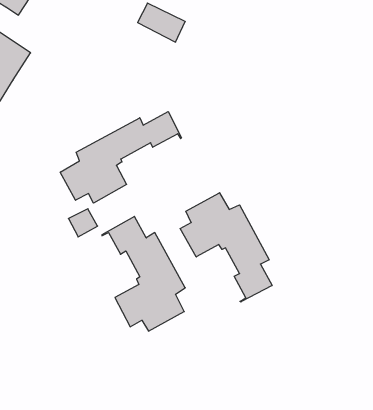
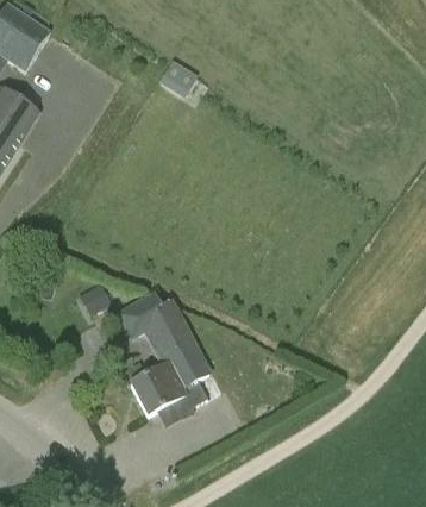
building: [60,112,181,203] -> none
building: [180,193,272,302] -> none

